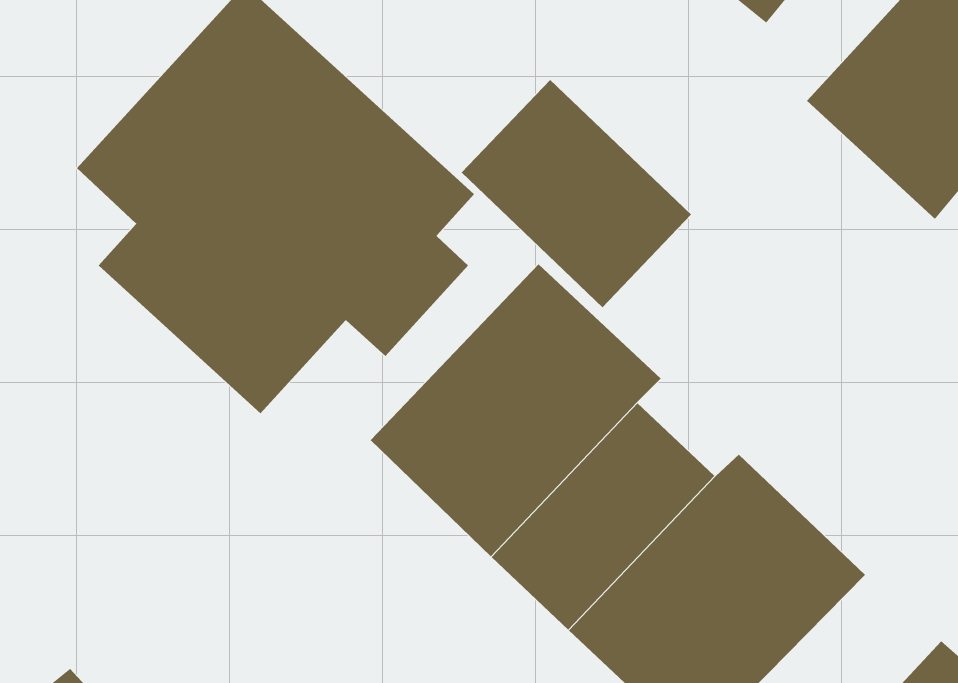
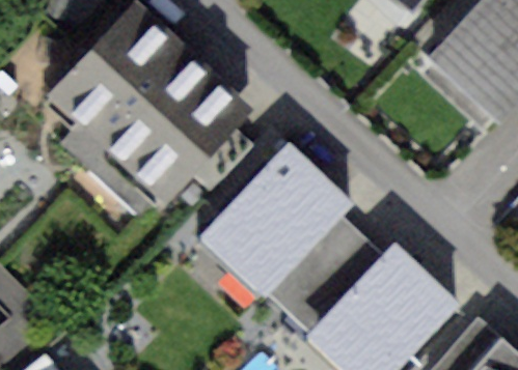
building: [461,79,692,308] -> none

